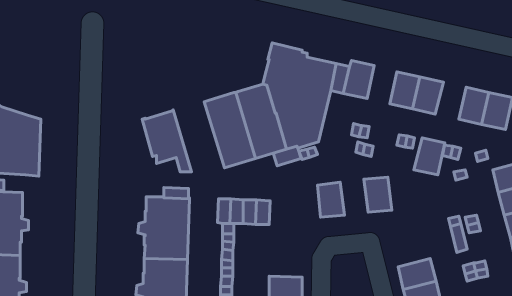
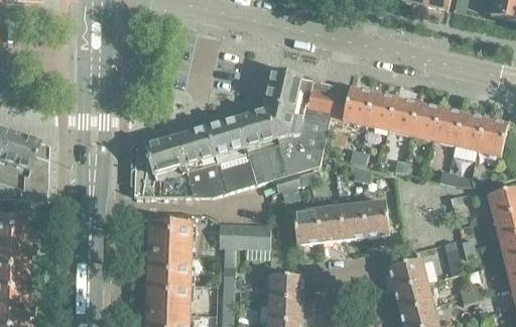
building: none -> [365,92,394,129]
building: none -> [175,127,226,196]
building: none -> [134,144,182,196]
building: [414,138,445,175] -> [431,108,462,144]
building: none -> [339,203,366,238]
building: none -> [293,209,319,243]
building: none -> [389,257,426,289]
building: none -> [269,275,302,299]

